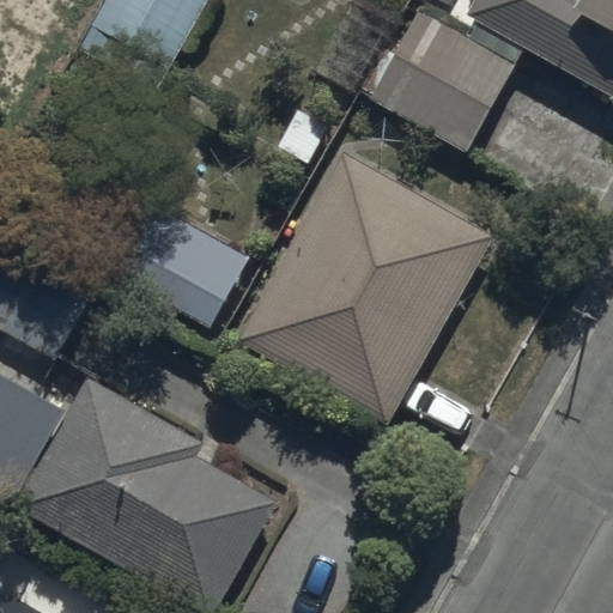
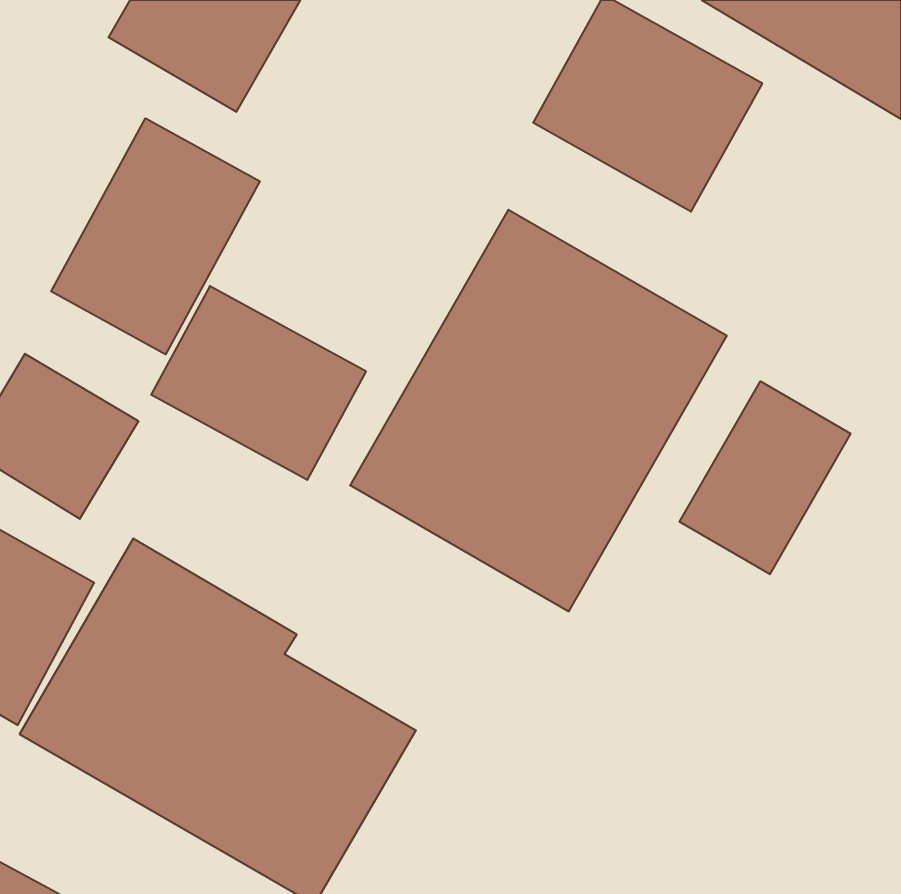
building: none -> [51,118,260,354]
building: none -> [680,381,851,574]

